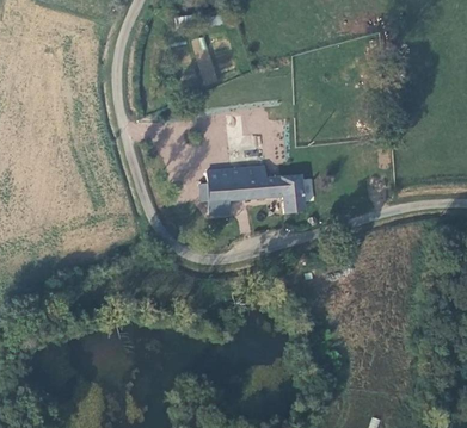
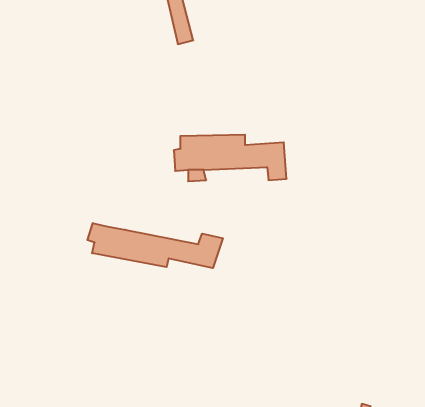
building: none -> [87,223,223,268]

